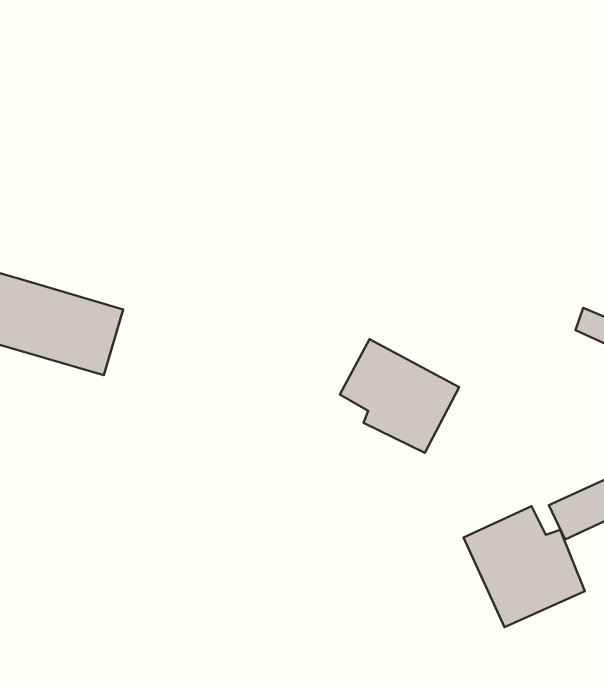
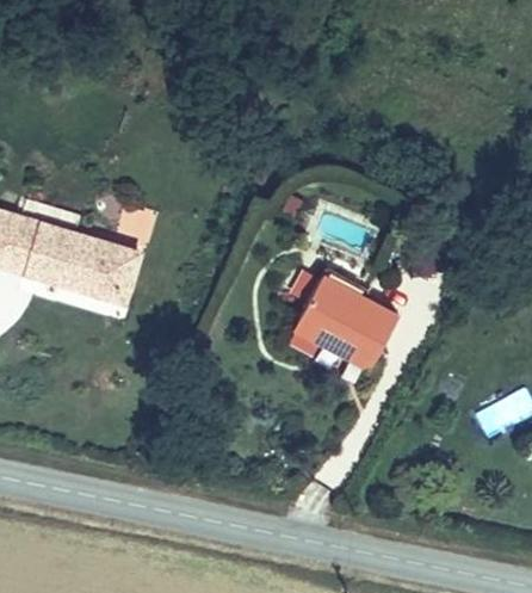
building: [464,506,585,627] -> none

